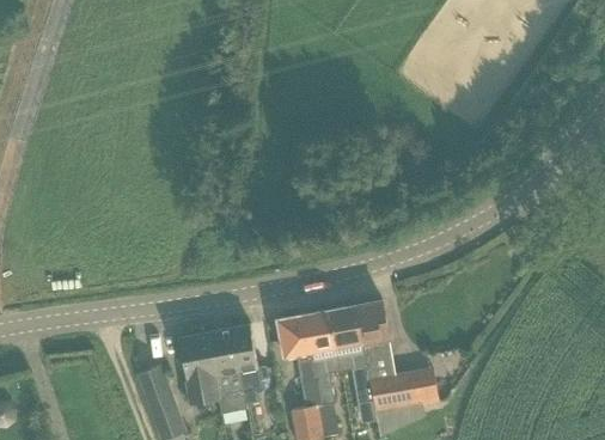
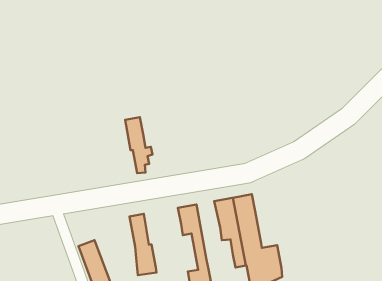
building: [302,310,338,405] -> none
building: [228,324,267,403] -> [125,117,152,173]
building: [178,331,219,404] -> none

